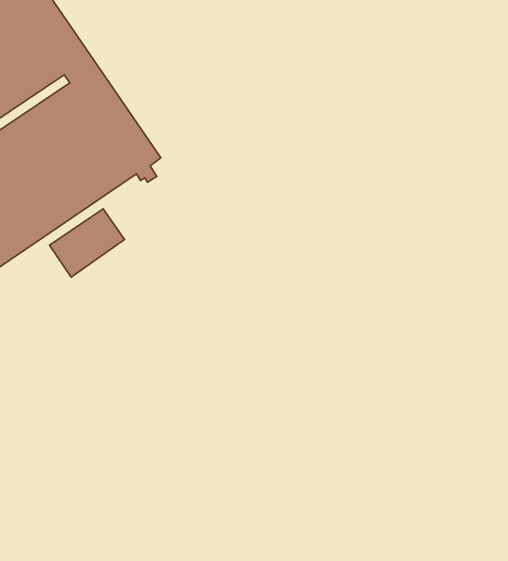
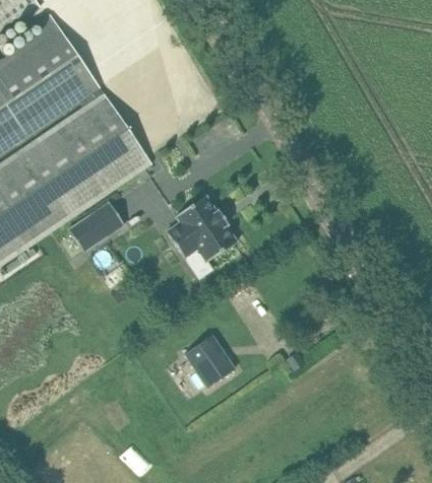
building: none -> [164,192,235,258]
building: none -> [182,332,232,384]

